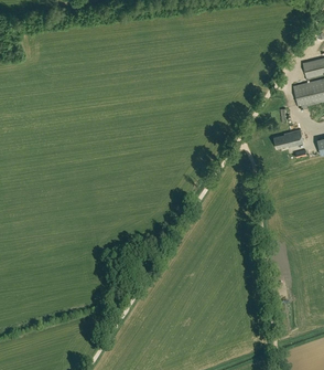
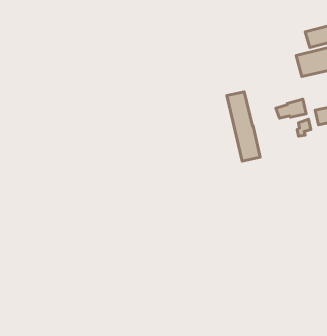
building: none -> [227,92,260,161]

